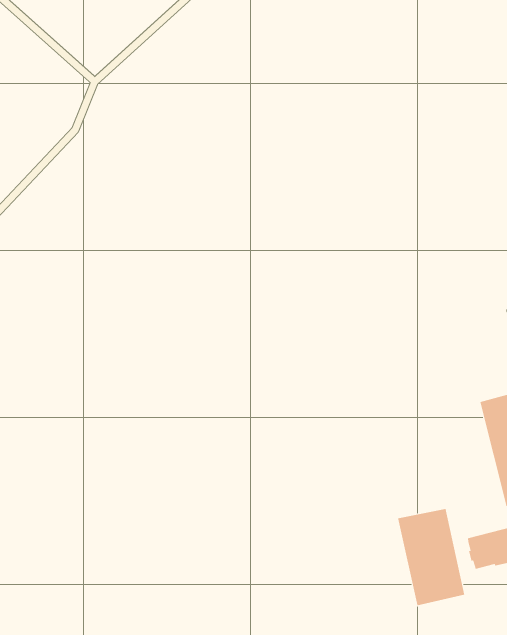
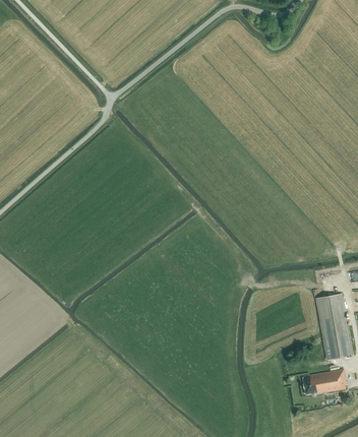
building: [397,508,465,606] -> none

